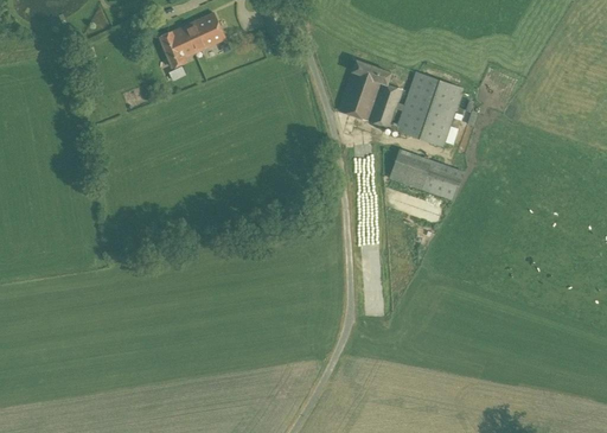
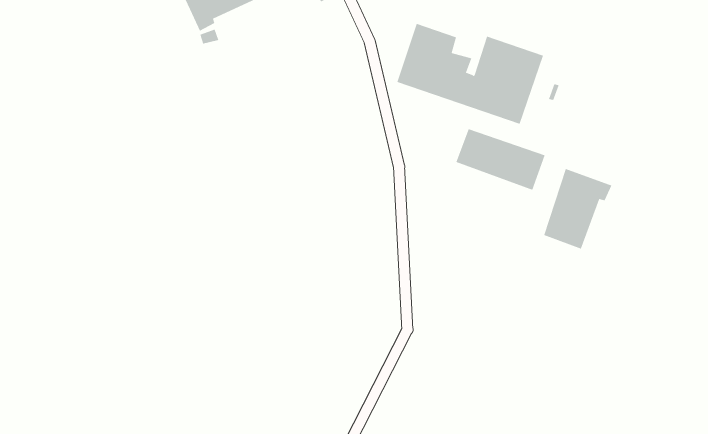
building: none -> [544,168,612,249]

